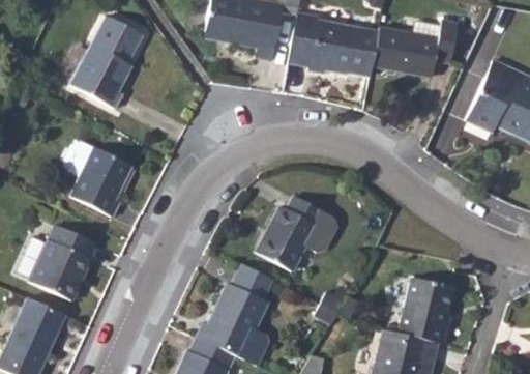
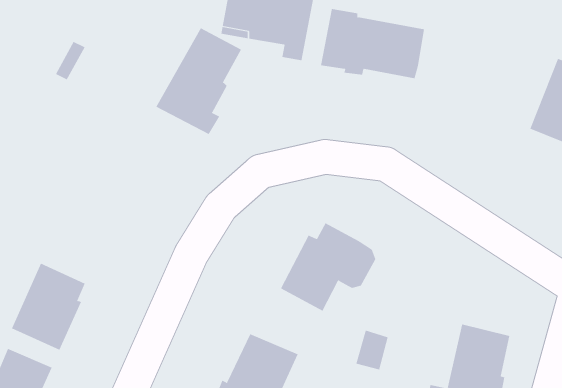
building: [72,17,146,108] -> [156,28,242,135]
building: [374,18,459,73] -> none
building: [65,146,132,218] -> none
building: [234,265,281,307] -> none

